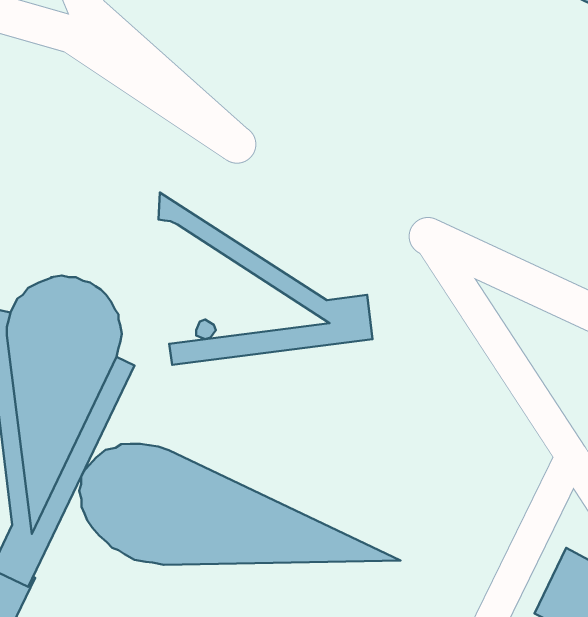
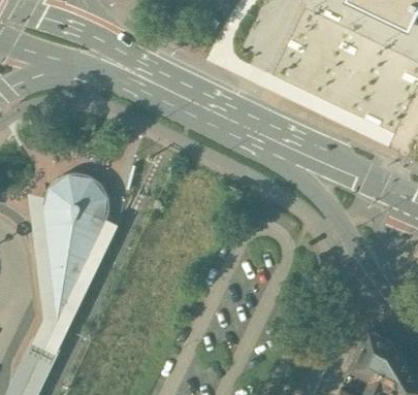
building: [158,192,373,365] -> none
building: [79,444,400,565] -> none

